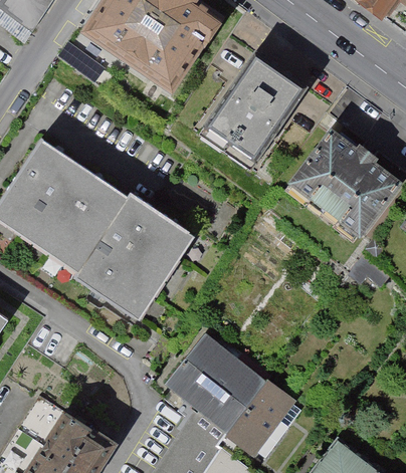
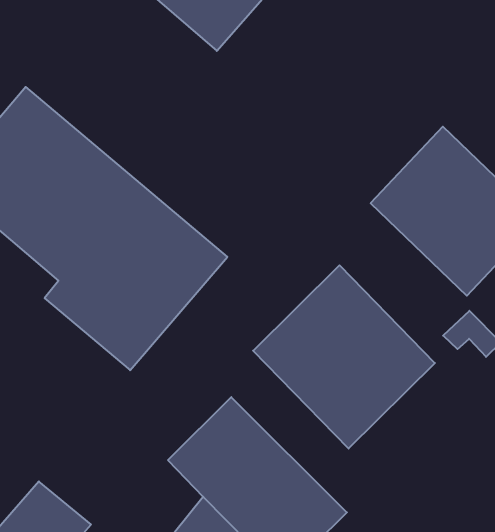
building: [198,58,306,174] -> none
building: none -> [253,265,435,449]

